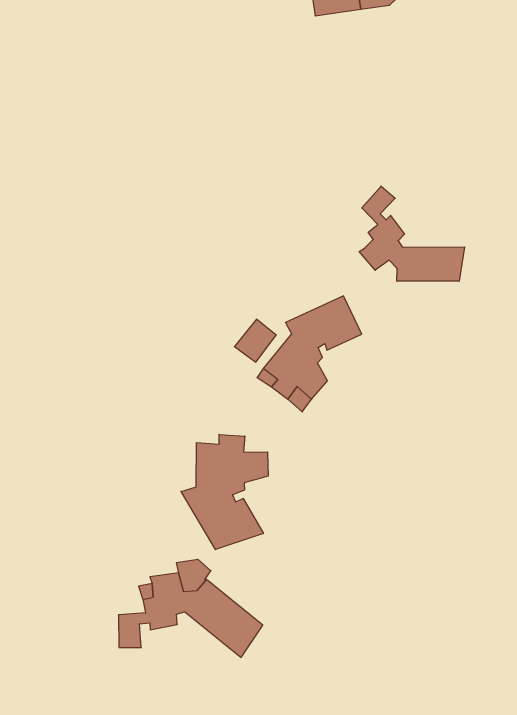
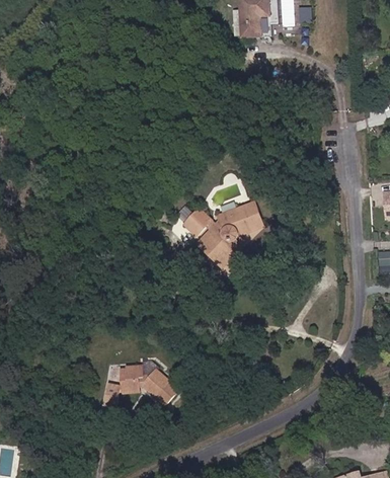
building: [359,186,465,281] -> none
building: [181,434,268,550] -> none

